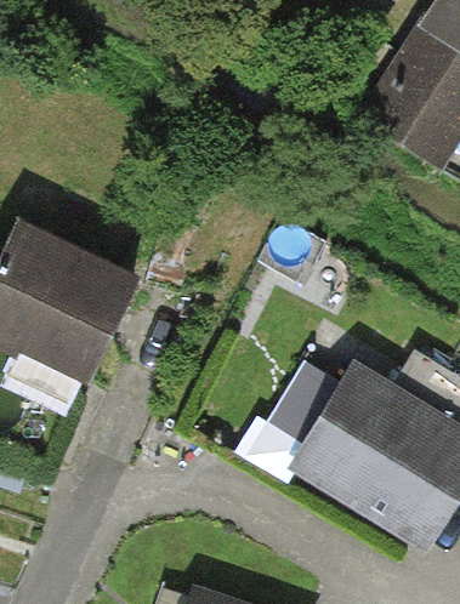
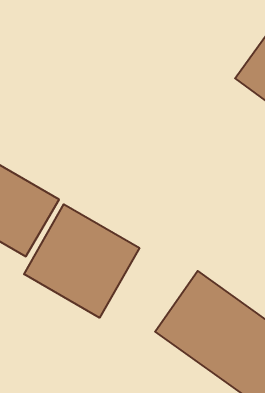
building: none -> [24,204,139,318]

